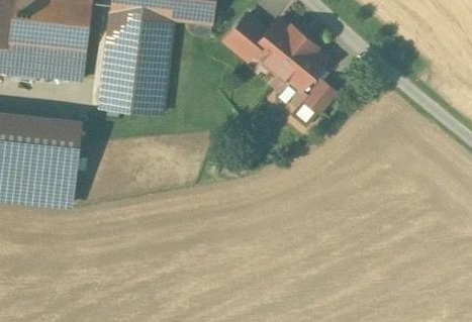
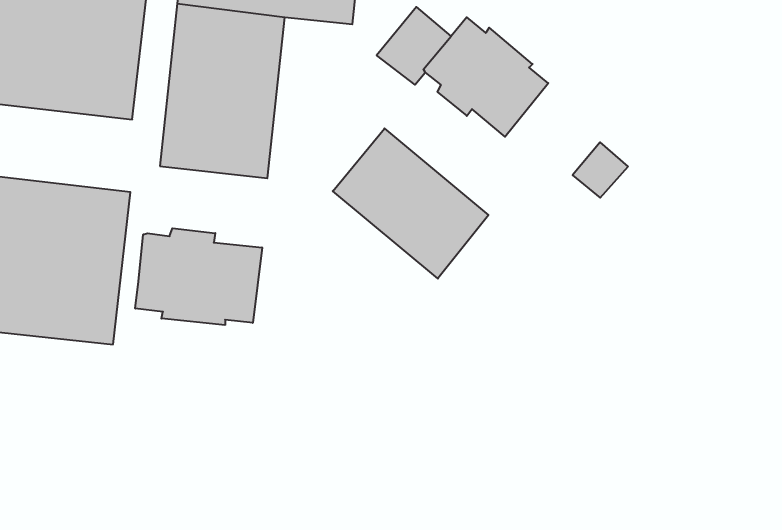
building: [302,78,335,110] -> [573,142,628,198]
building: none -> [333,128,488,279]
building: none -> [135,228,262,325]

